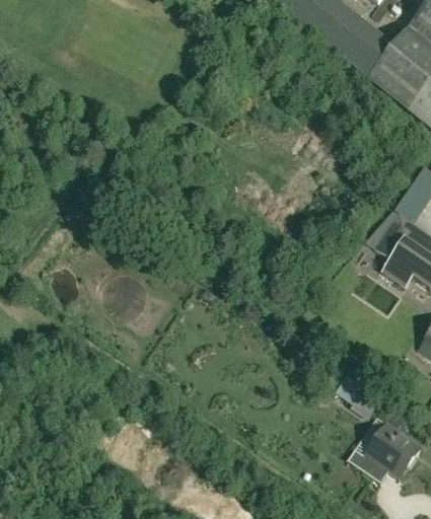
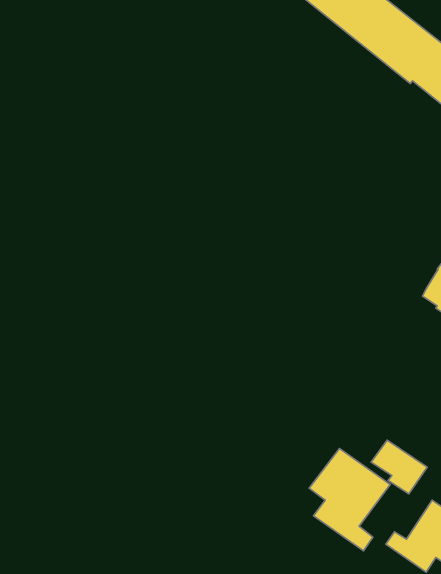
building: none -> [309,448,390,551]

